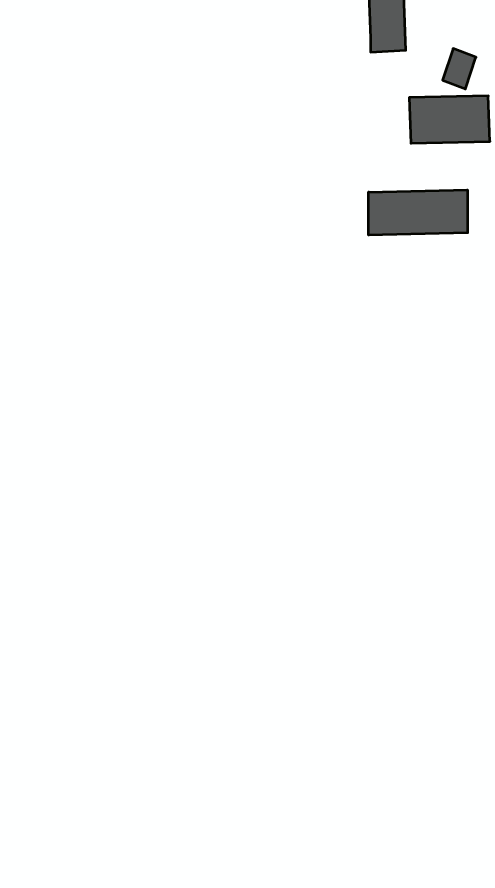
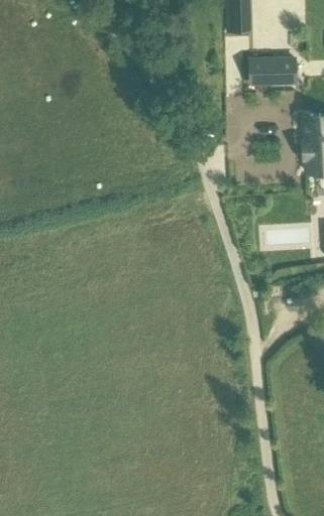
building: [369,190,468,235] -> none

